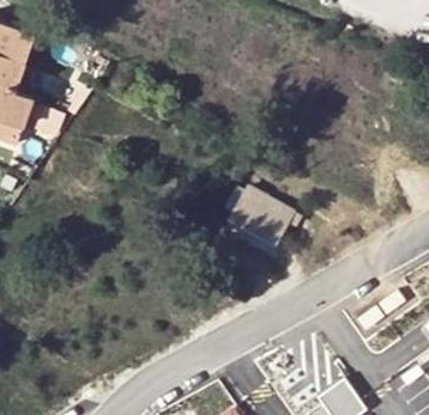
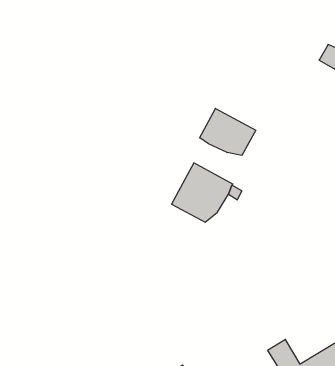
building: none -> [200,108,256,155]

